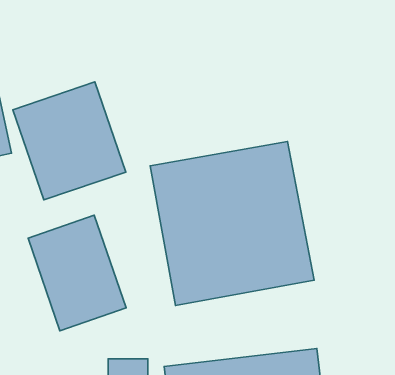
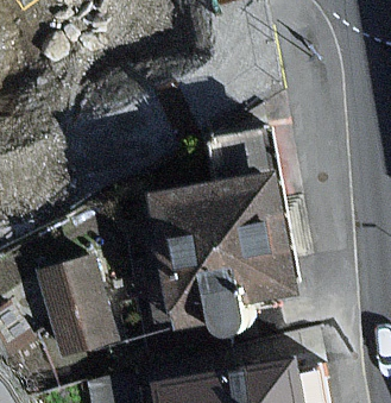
building: [13,82,126,200] -> none

